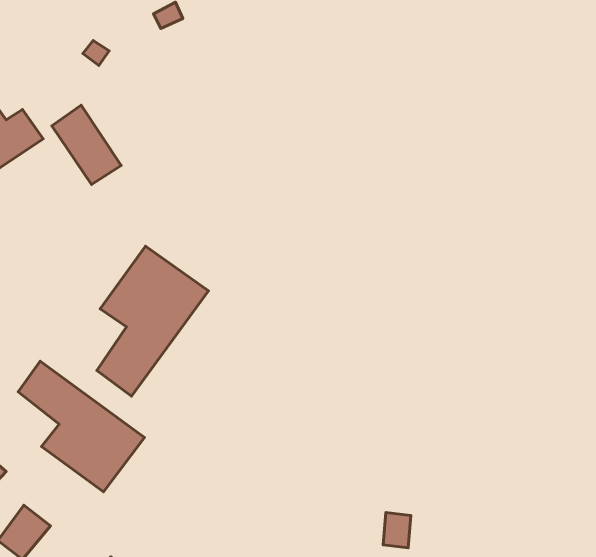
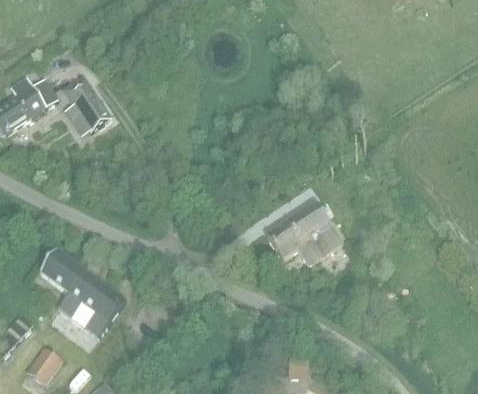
building: [97,246,209,396] -> none
building: none -> [265,202,341,264]

